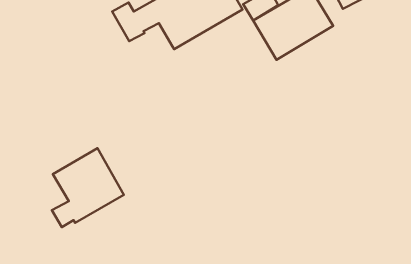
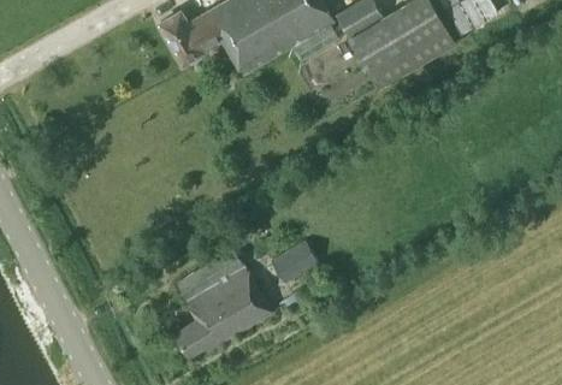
building: [52,148,124,227] -> [173,250,270,356]
building: none -> [271,241,317,283]

